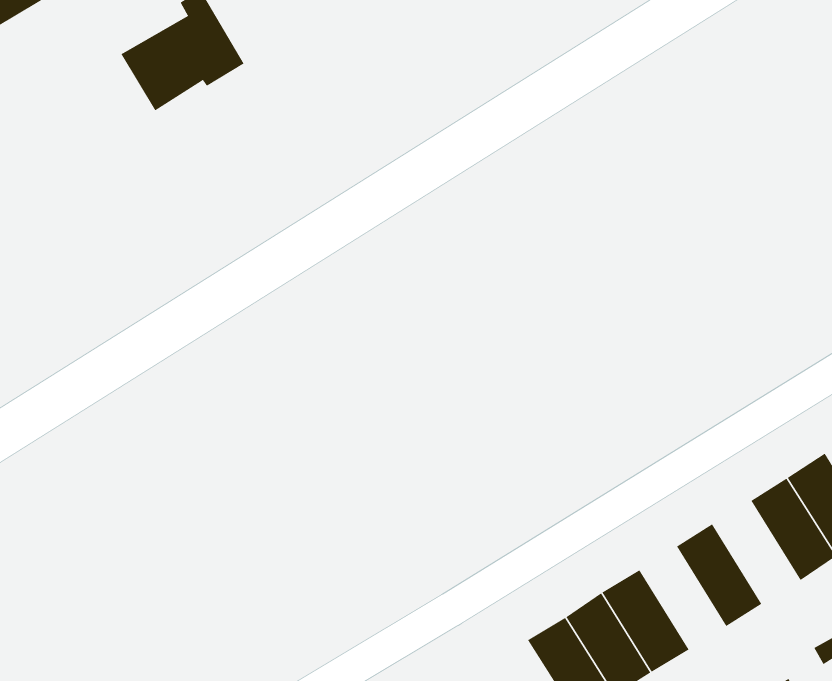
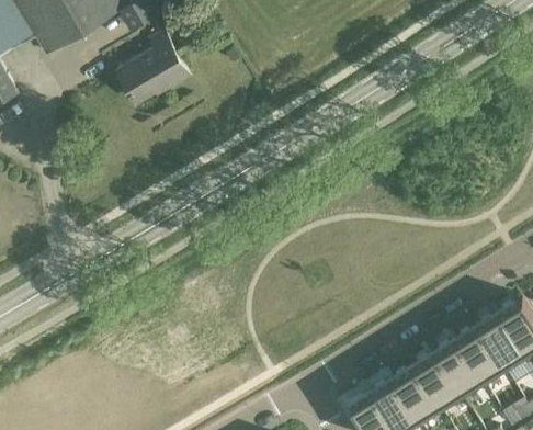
building: none -> [455,325,506,384]
building: none -> [413,351,463,410]

